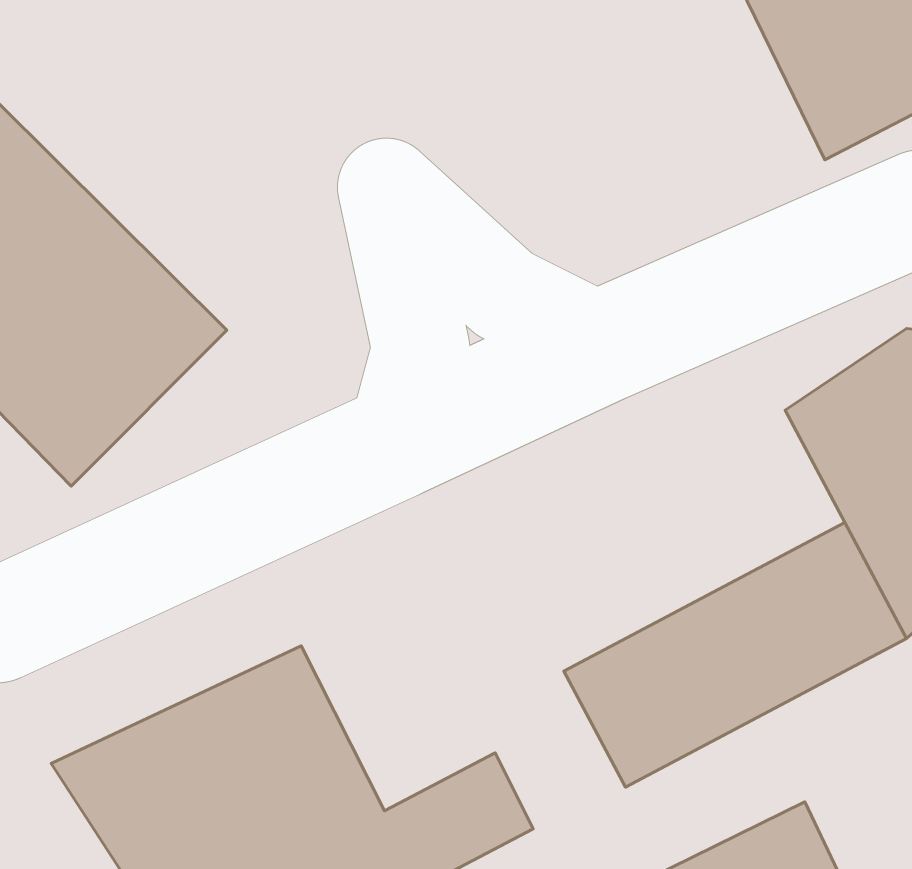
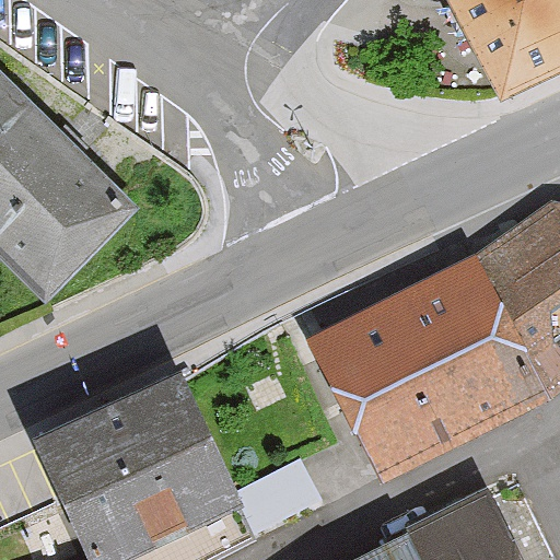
building: none -> [306,253,512,410]

